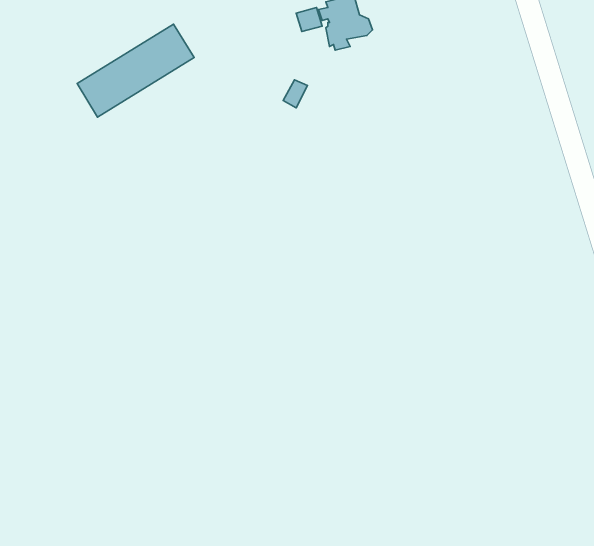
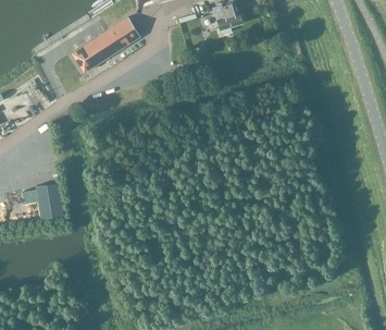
building: none -> [36,183,63,219]

